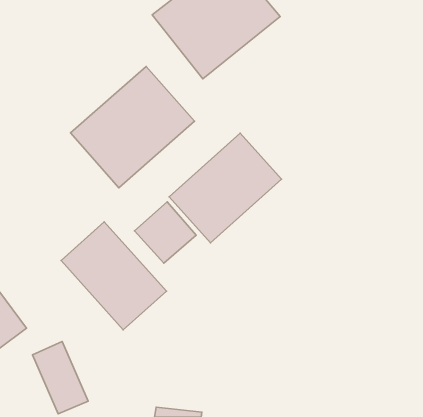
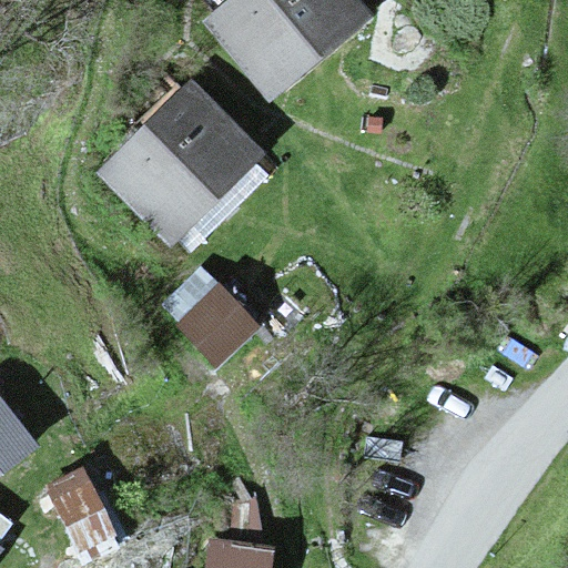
building: [169,133,282,243] -> none
building: [61,222,167,330] -> none

